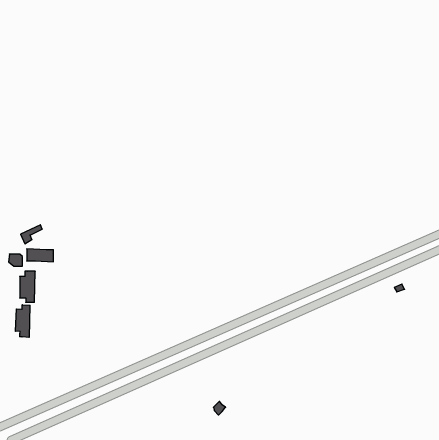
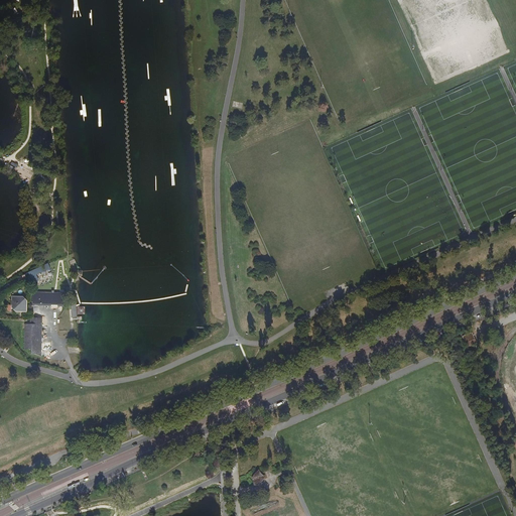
building: [15,305,30,337] -> none

